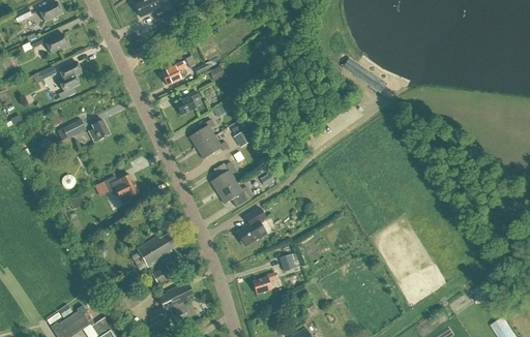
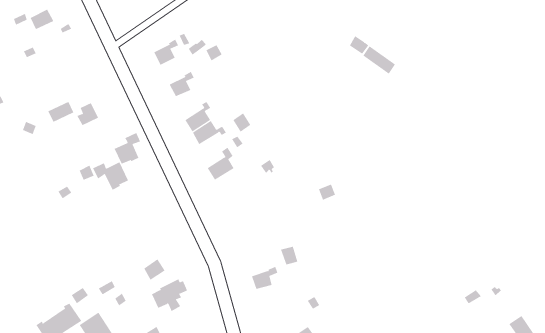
building: [58,61,82,91] -> none
building: none -> [114,132,141,165]
building: [217,181,253,207] -> none
building: [236,207,266,246] -> none
building: [137,234,177,267] -> none

